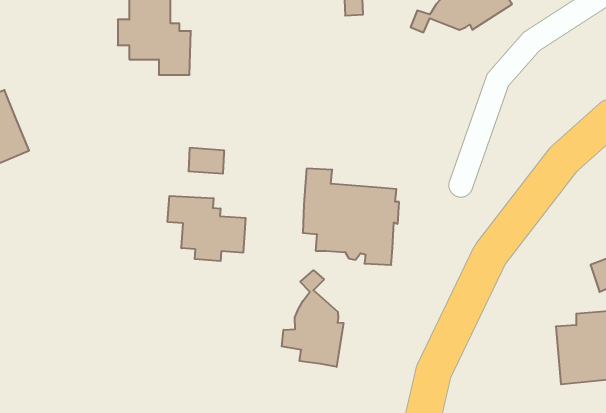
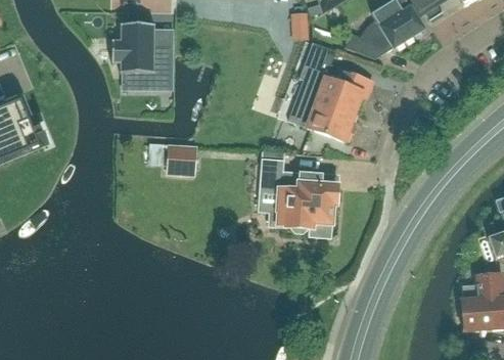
building: none -> [291,41,371,139]
building: [168,196,246,261] -> none
building: [282,270,344,367] -> none

